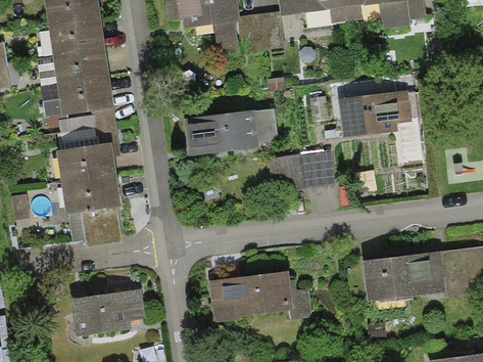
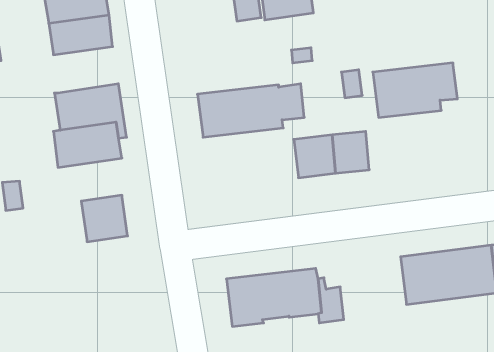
building: [56,76,113,117] -> none
building: [60,174,120,215] -> none
building: [70,288,145,335] -> none

